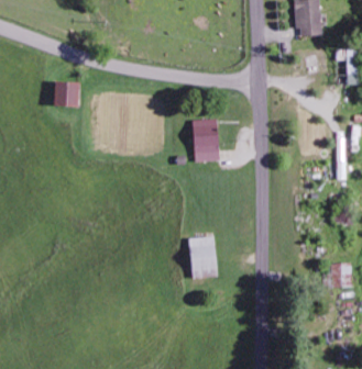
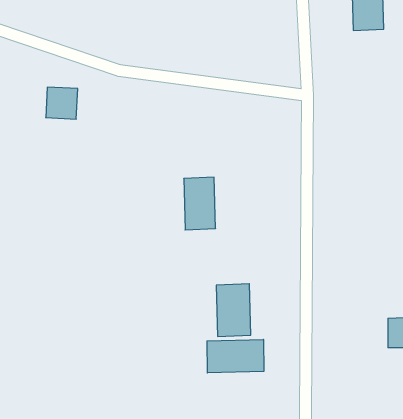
building: [194,120,219,161] -> [184,177,216,230]
building: none -> [207,339,264,373]

